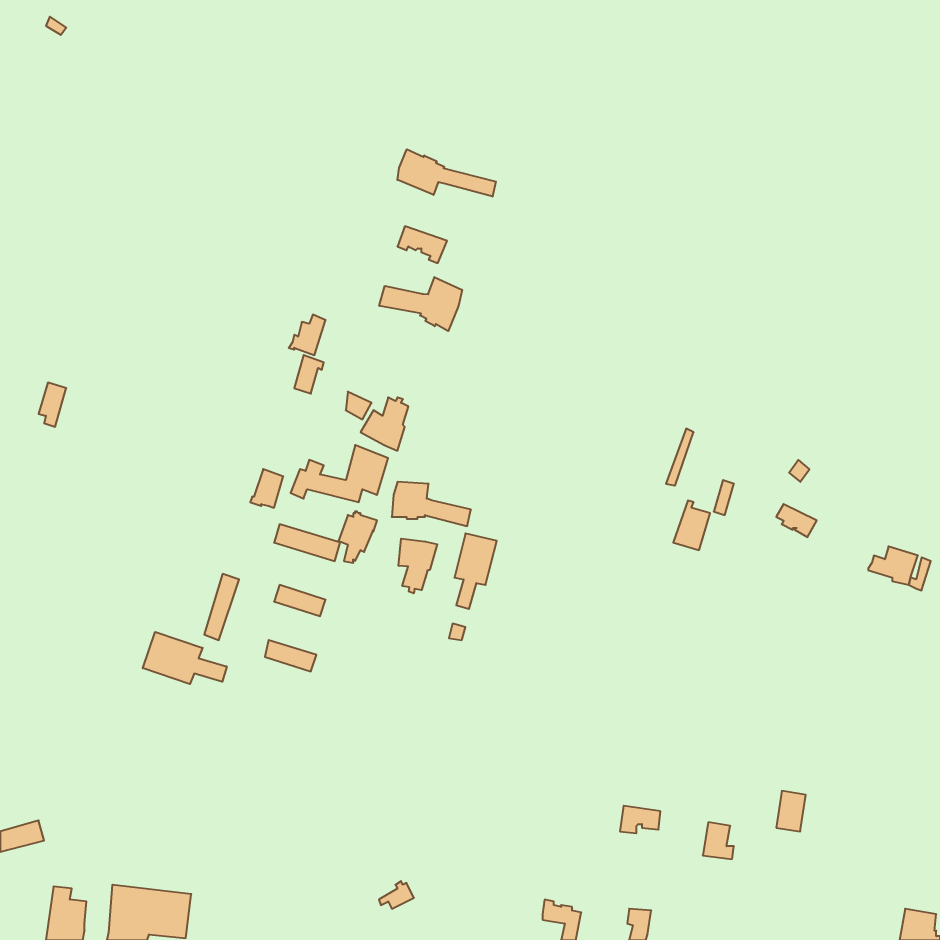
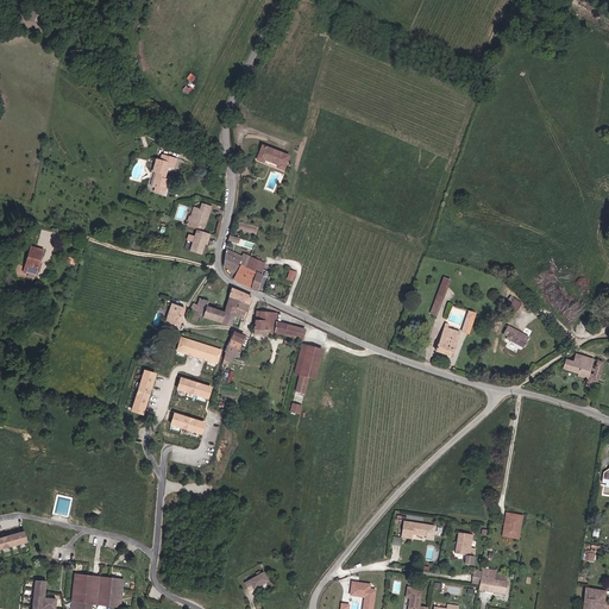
building: [397,149,496,197] -> none
building: none -> [152,155,176,195]
building: [379,277,462,331] -> none
building: [399,539,437,593] -> none
building: [143,632,227,684] -> none
building: none -> [472,567,507,594]

